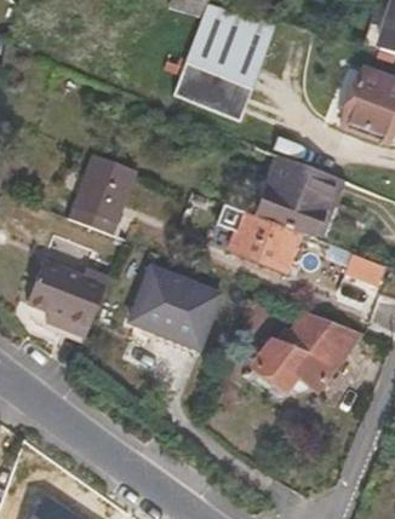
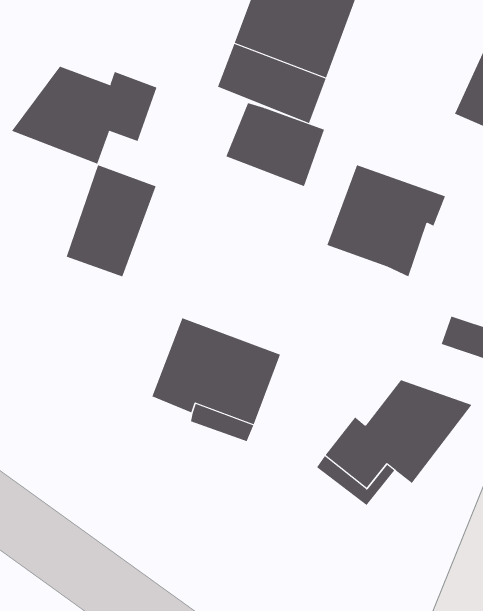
building: none -> [11,66,157,164]
building: [227,207,298,267] -> [226,103,325,187]
building: [28,261,107,335] -> none

